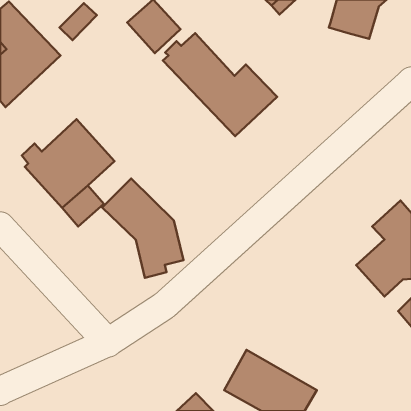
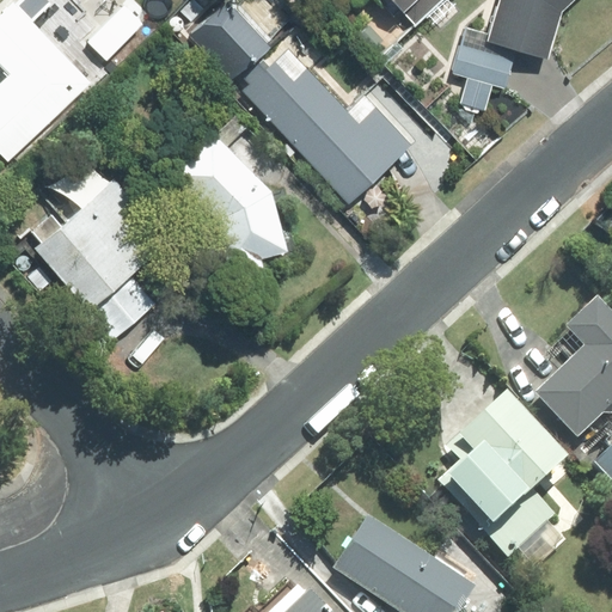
building: none -> [453,26,518,109]
building: [102,179,183,278] -> [167,129,288,276]
building: none -> [435,390,561,556]

